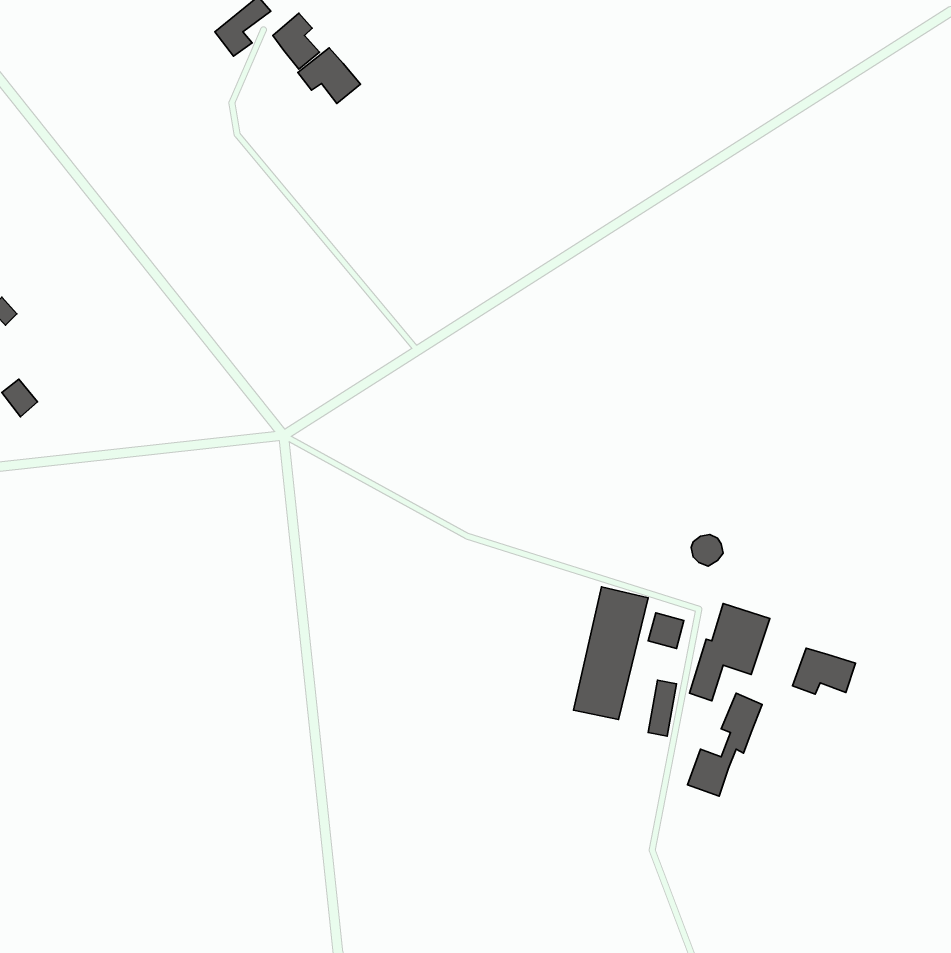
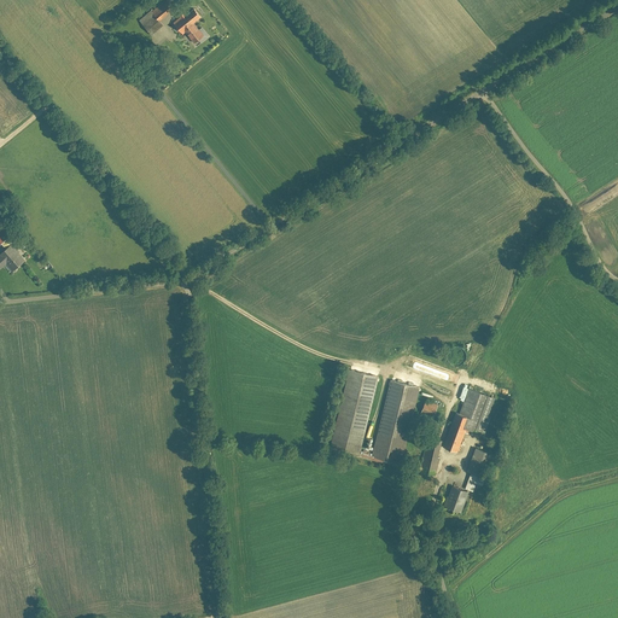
building: [298,48,360,104] -> none
building: none -> [330,369,378,454]
building: [792,648,855,694] -> none

